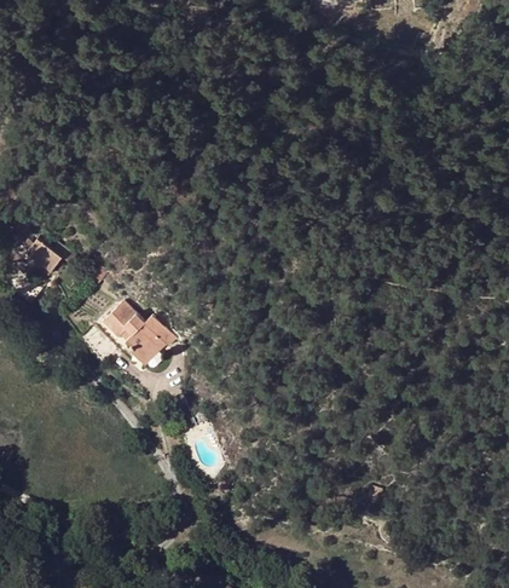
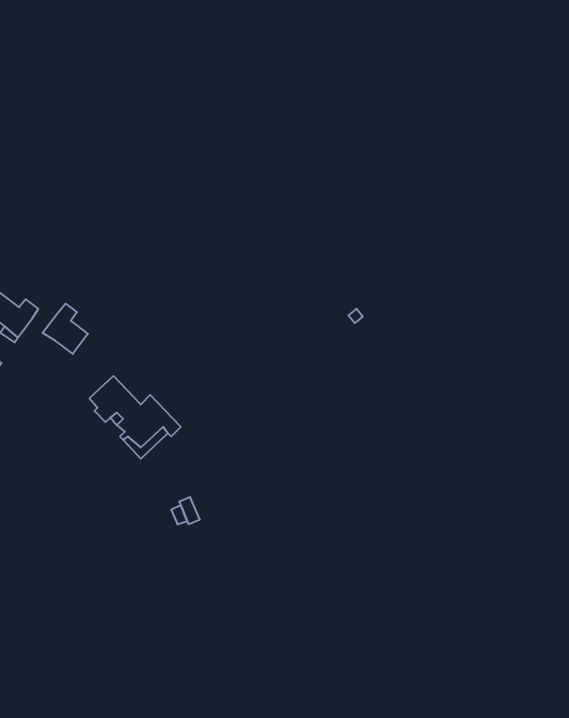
building: none -> [43,304,88,354]

